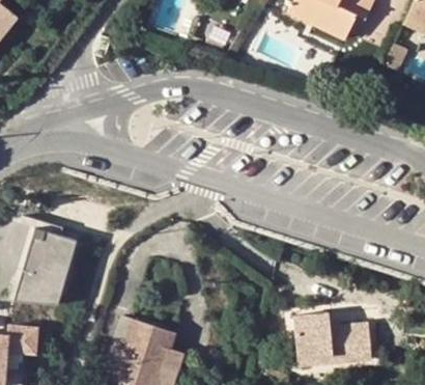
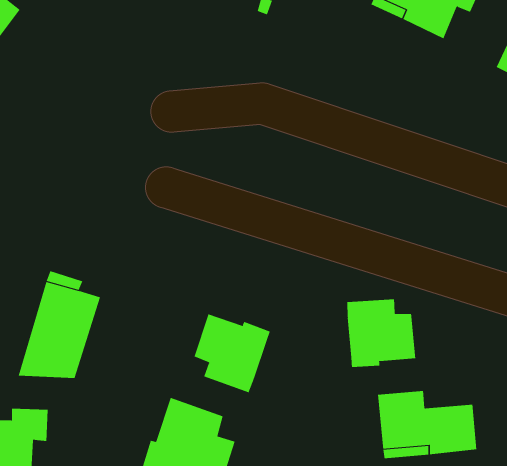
building: none -> [347,298,416,368]
building: none -> [194,313,271,393]

